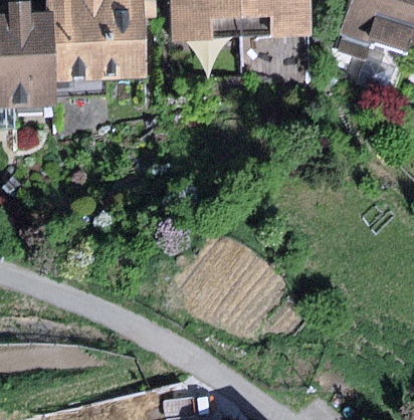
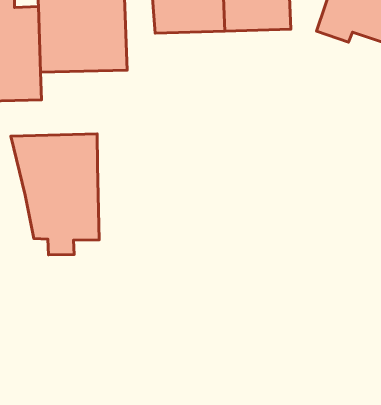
building: none -> [11,134,99,255]

